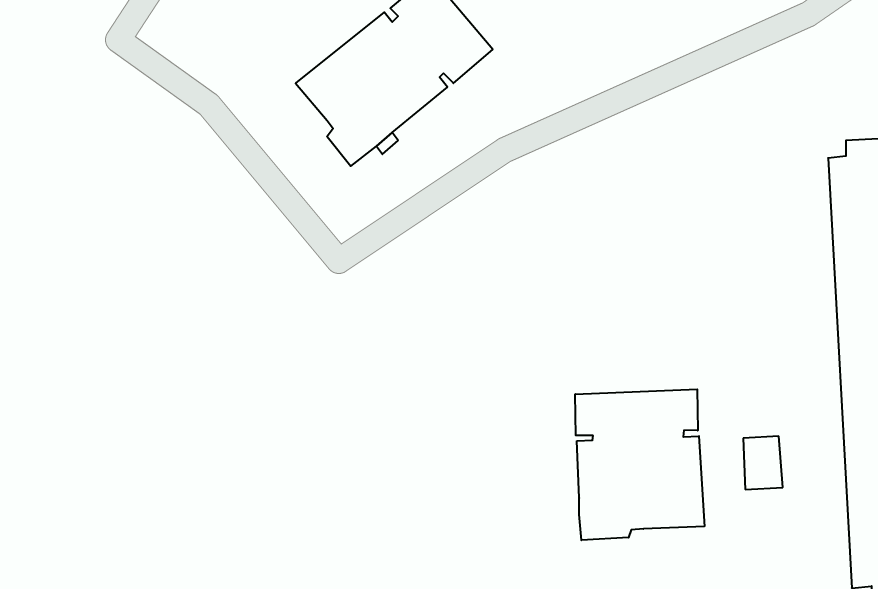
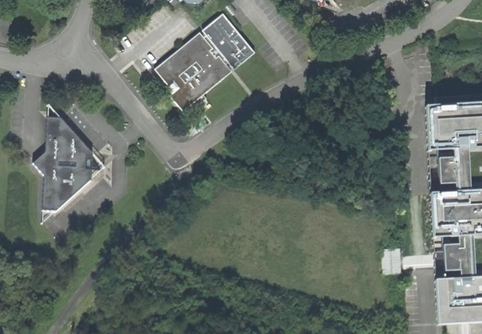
building: none -> [32,116,100,212]
building: [575,389,704,540] -> none

